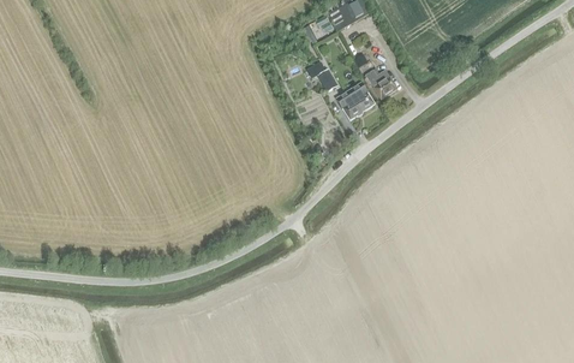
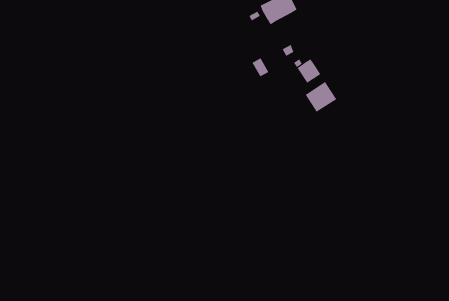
building: [336,83,373,119] -> [305,81,337,113]

